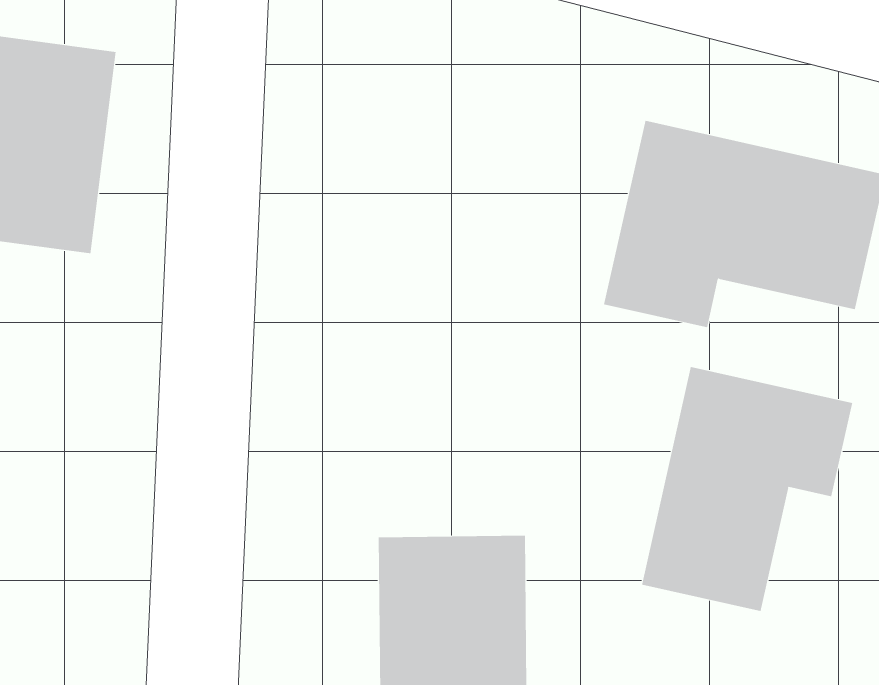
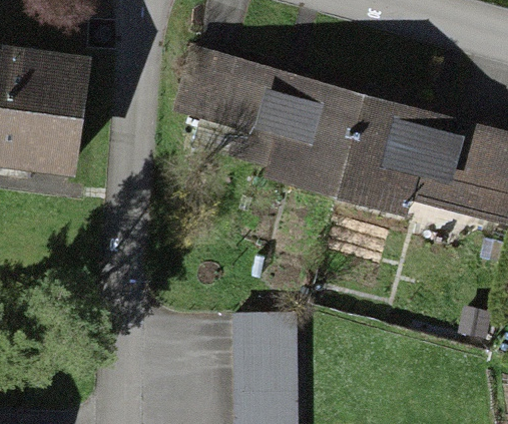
building: none -> [204,60,371,198]
building: [641,366,853,612] -> none

